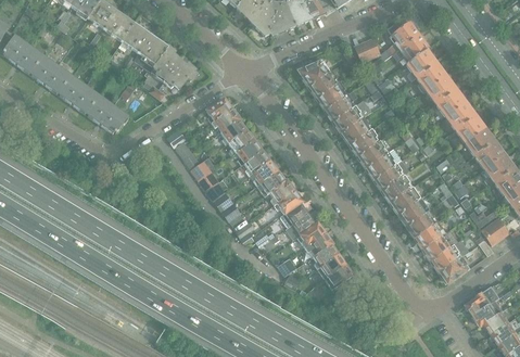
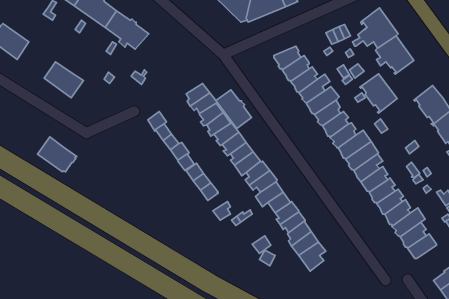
building: [150,46,195,87] -> none
building: [29,54,69,92] -> none
building: [426,74,465,115] -> [360,74,397,113]
building: [86,94,127,131] -> [38,137,77,172]
building: none -> [216,90,251,128]

